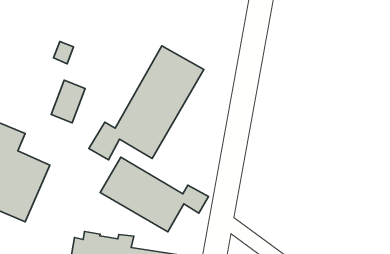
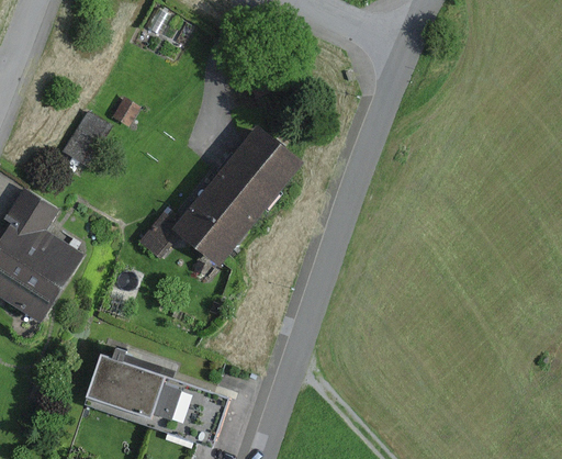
building: [51,80,85,123] -> [61,111,111,168]
building: [100,157,209,232] -> none

